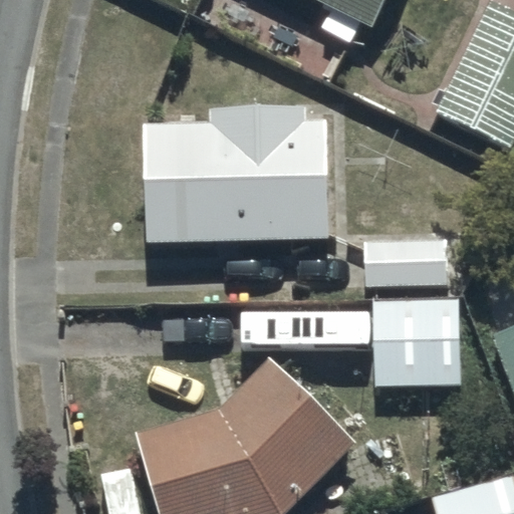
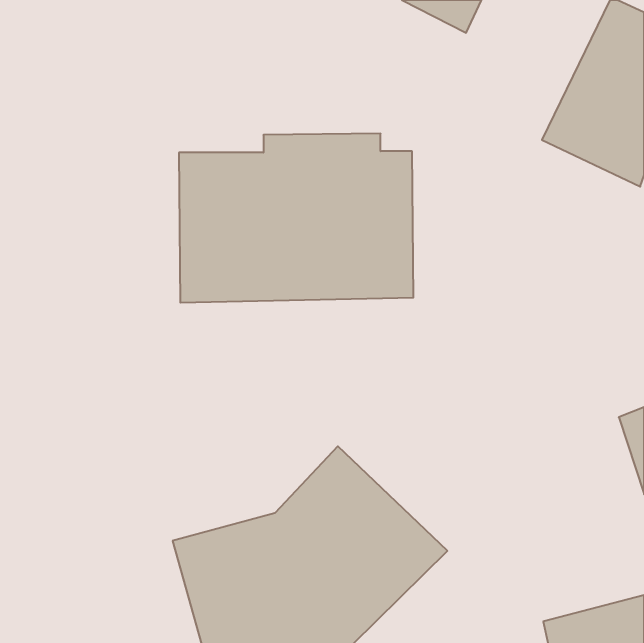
building: [363,243,461,386] -> none

